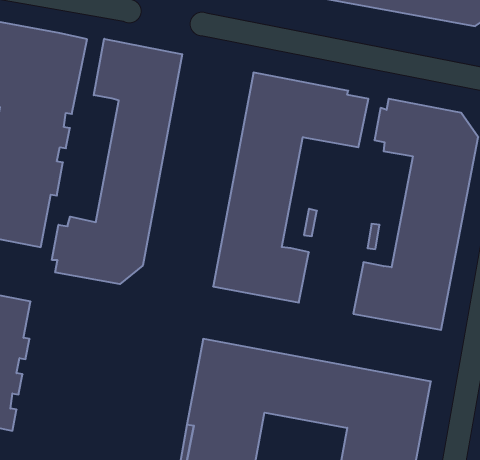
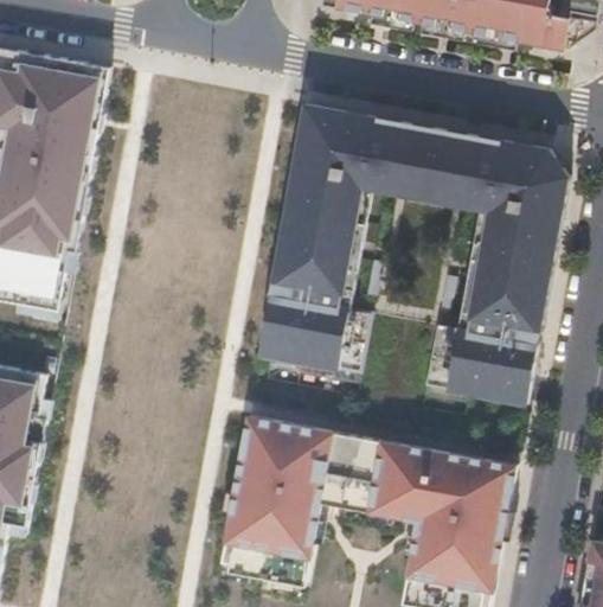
building: [52,39,182,284] -> none
building: none -> [336,123,490,331]

